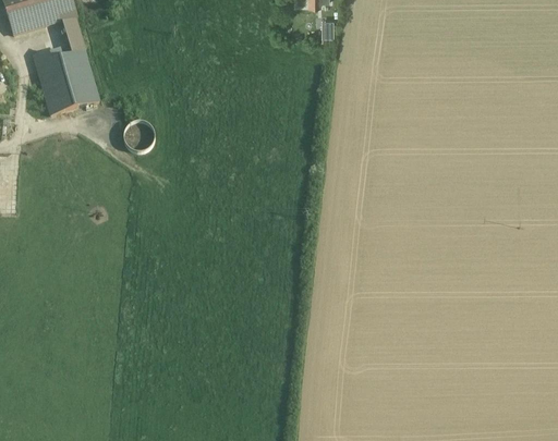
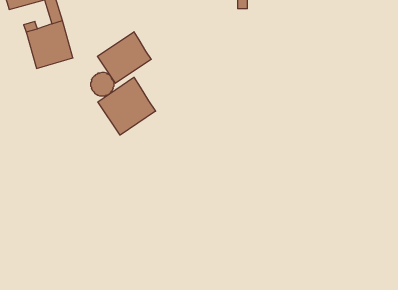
building: none -> [97,32,151,83]
building: none -> [98,77,156,135]

